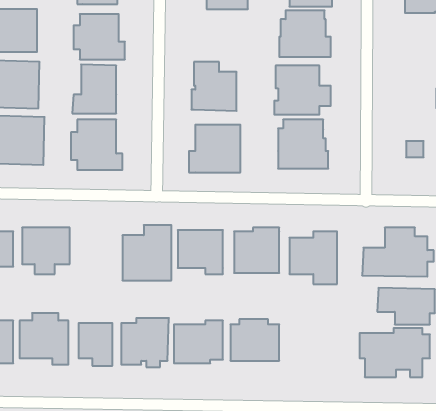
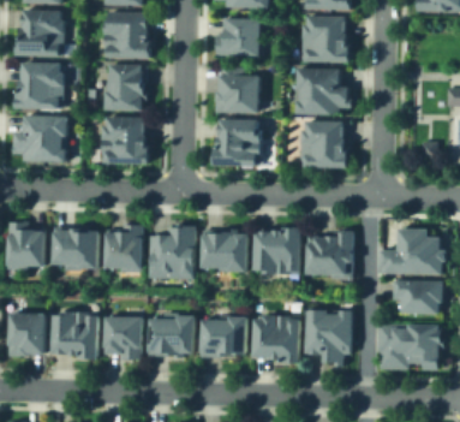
building: none -> [214,25,263,60]
building: none -> [103,222,142,272]
building: none -> [306,305,351,363]

